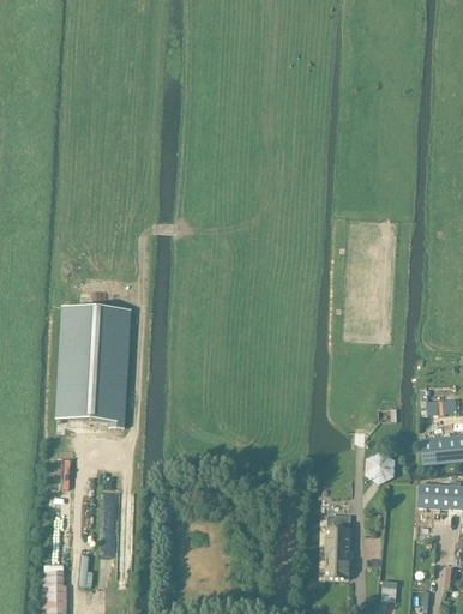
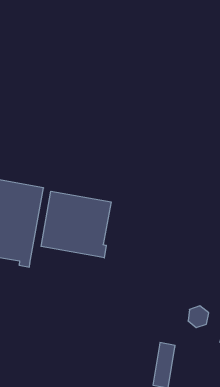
building: none -> [41,191,111,258]

